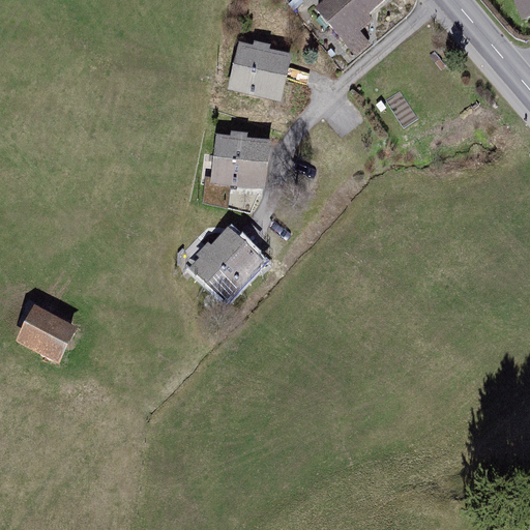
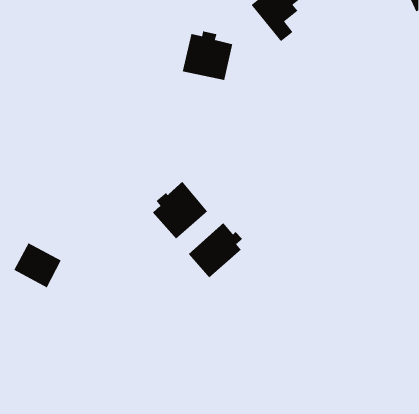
building: [210,127,270,188] -> none
building: none -> [188,222,243,278]

